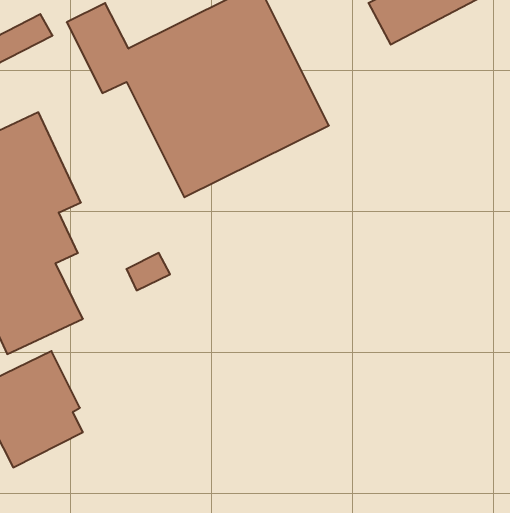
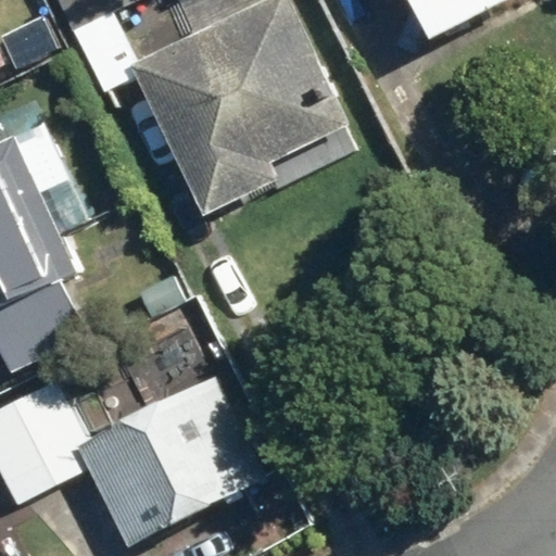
building: none -> [78,374,266,545]

